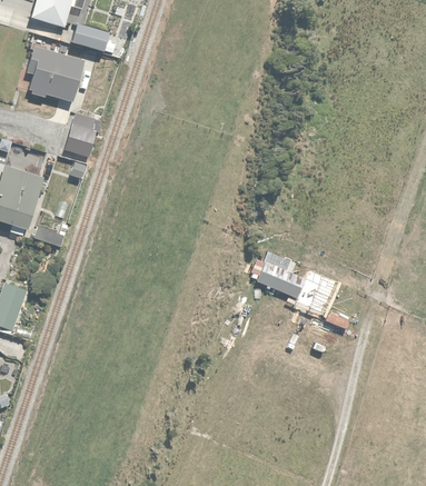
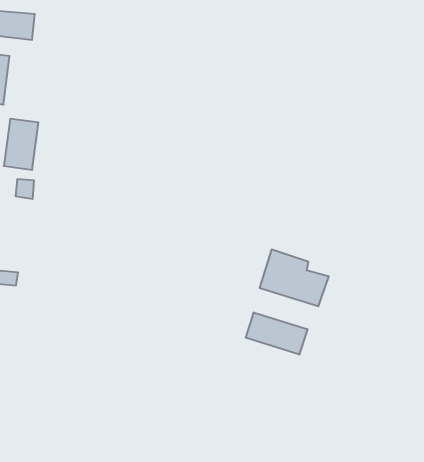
building: none -> [246,312,307,355]

